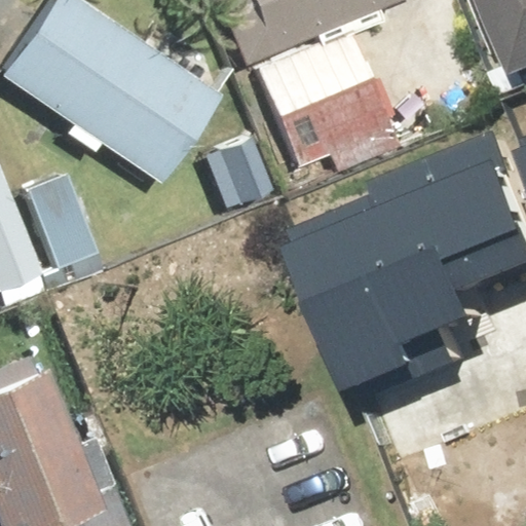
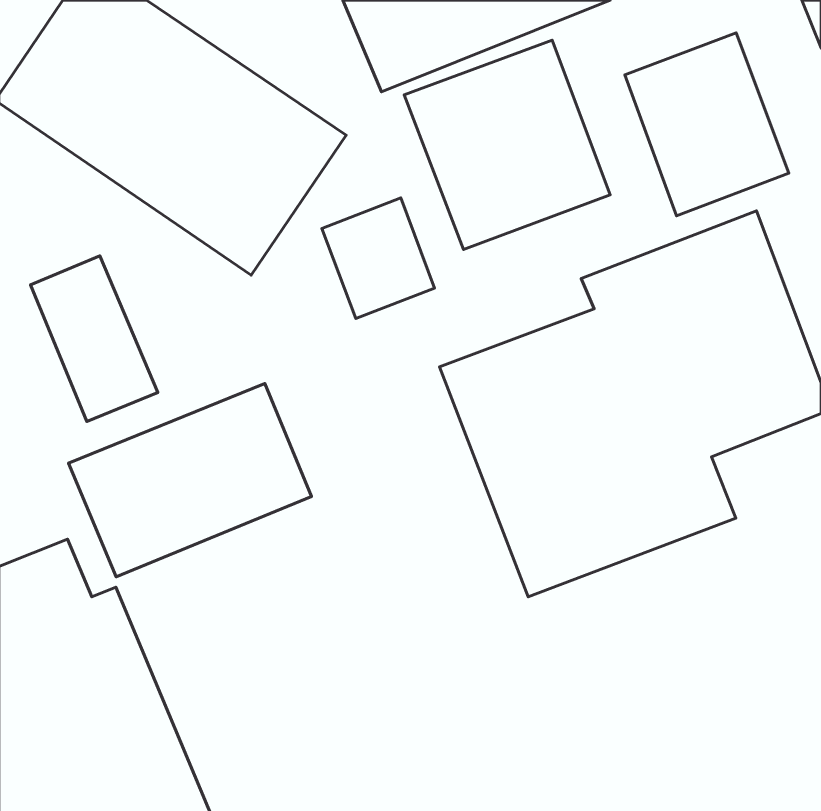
building: none -> [625,33,789,216]
building: none -> [68,384,311,577]

